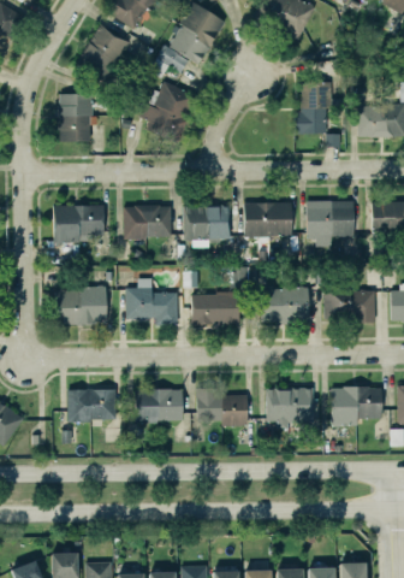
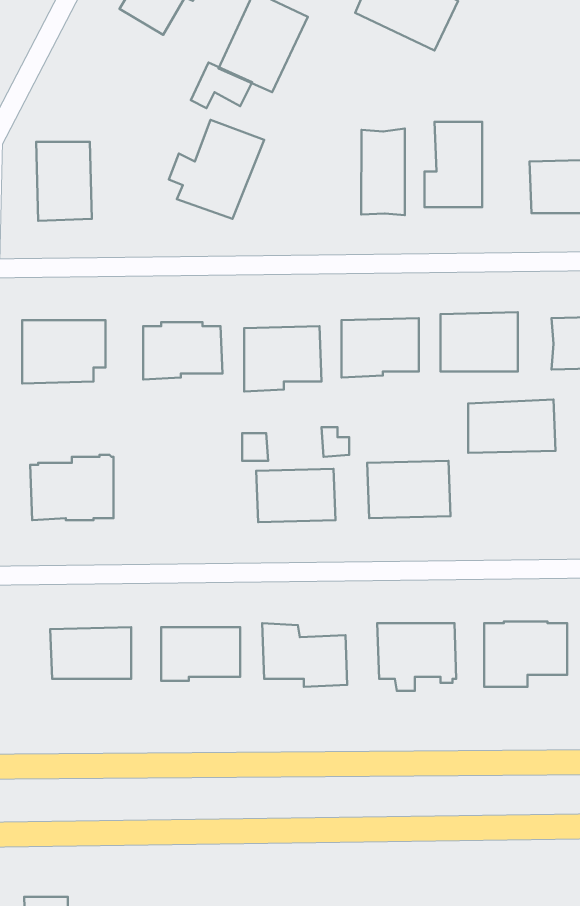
building: [76,22,131,81] -> none
building: none -> [361,129,405,215]
building: [126,277,177,324] -> none
building: [325,289,378,322] -> [468,399,555,453]

